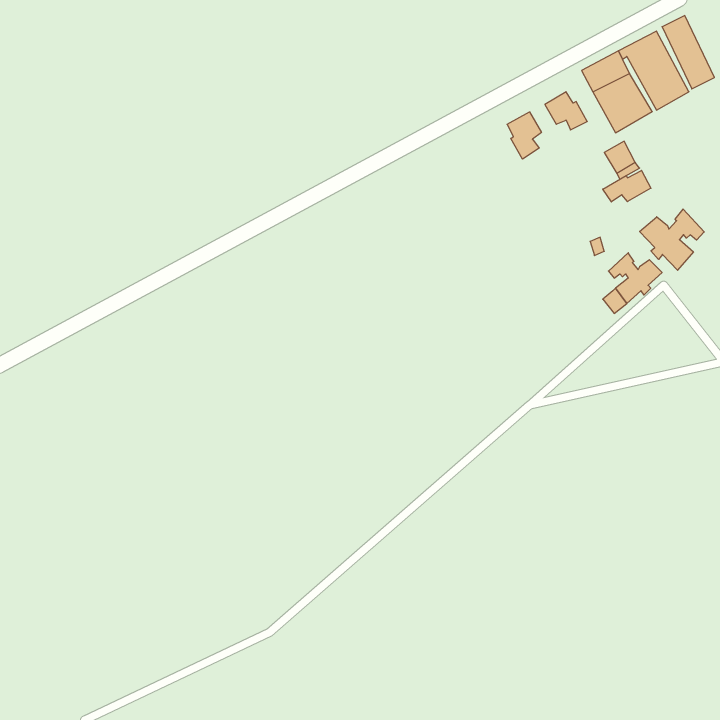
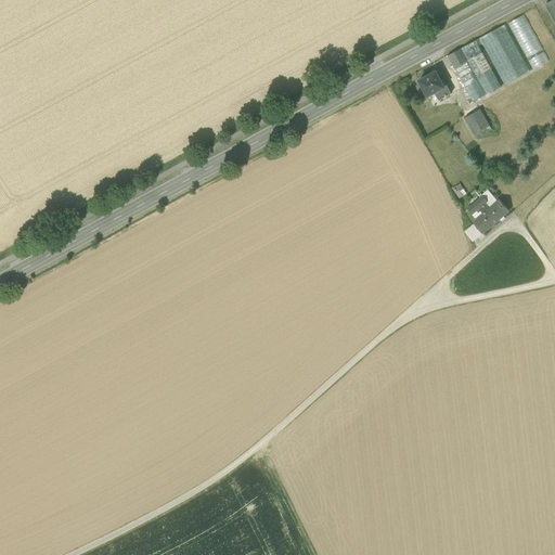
building: [507,112,541,159] -> none
building: [603,170,651,202] -> none
building: [640,209,704,270] -> none

